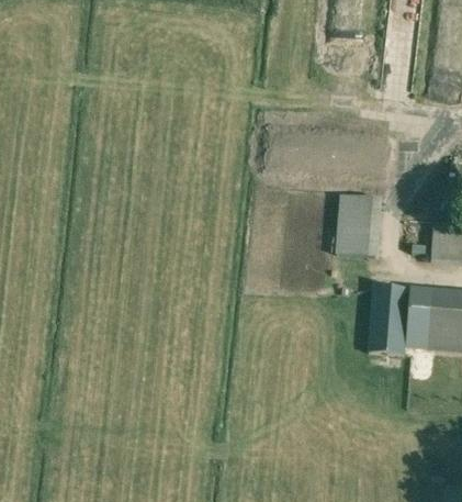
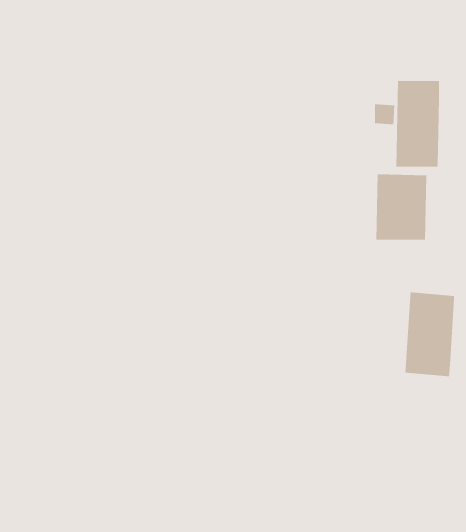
building: none -> [396,80,440,168]

